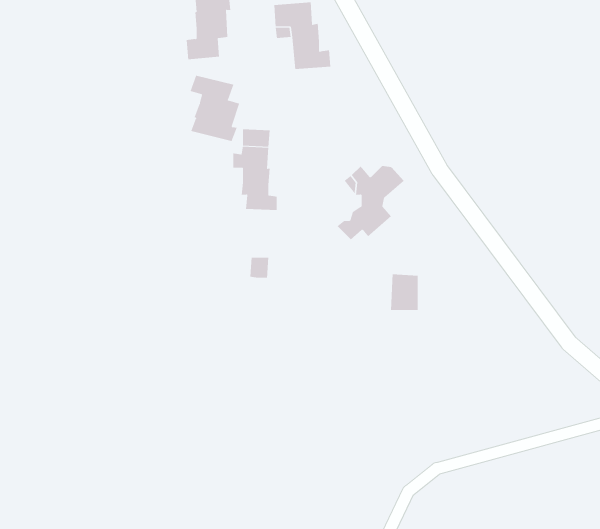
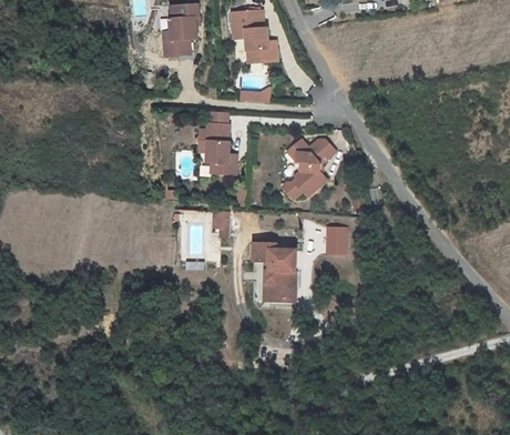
building: [190,75,240,142] -> none
building: none -> [252,243,295,300]

